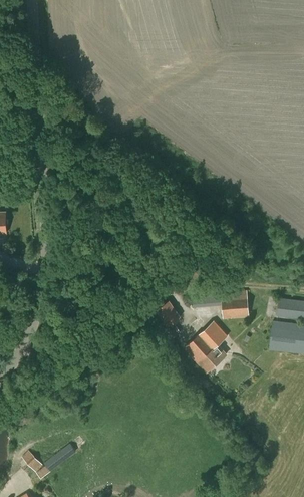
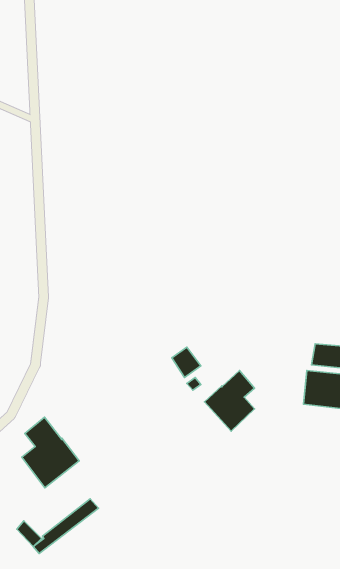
building: [193,291,249,320] -> none
building: none -> [22,417,79,488]

